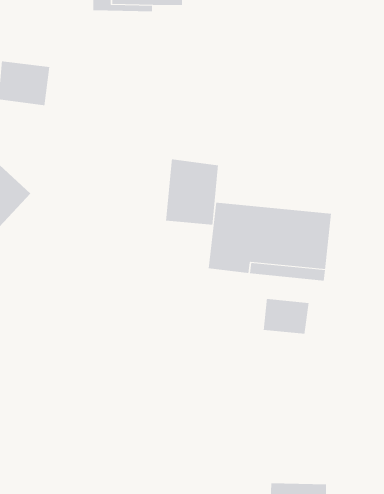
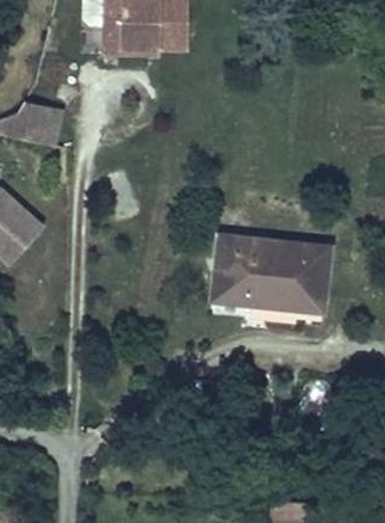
building: [166,159,219,226] -> none
building: [263,298,309,335] -> none

